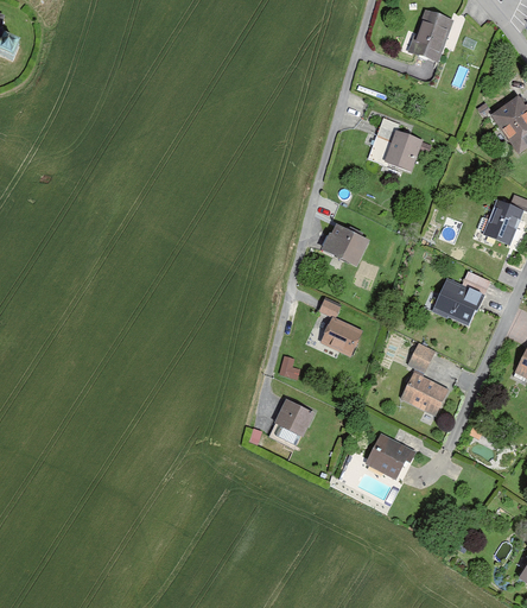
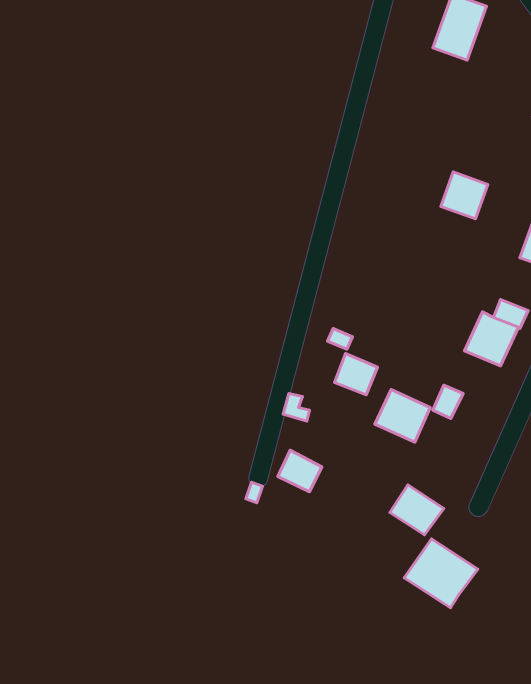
building: [381,131,421,171] -> [441,172,488,219]
building: [320,223,367,265] -> none
building: [399,372,446,417] -> [375,389,430,442]
building: none -> [404,539,478,608]

